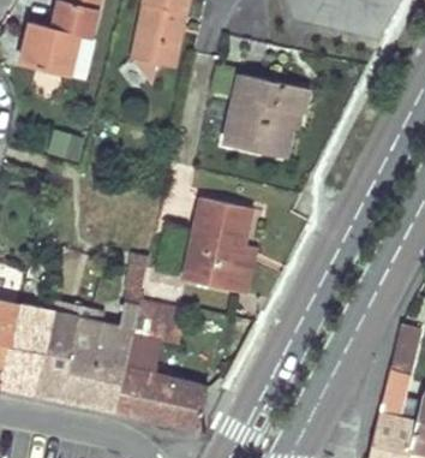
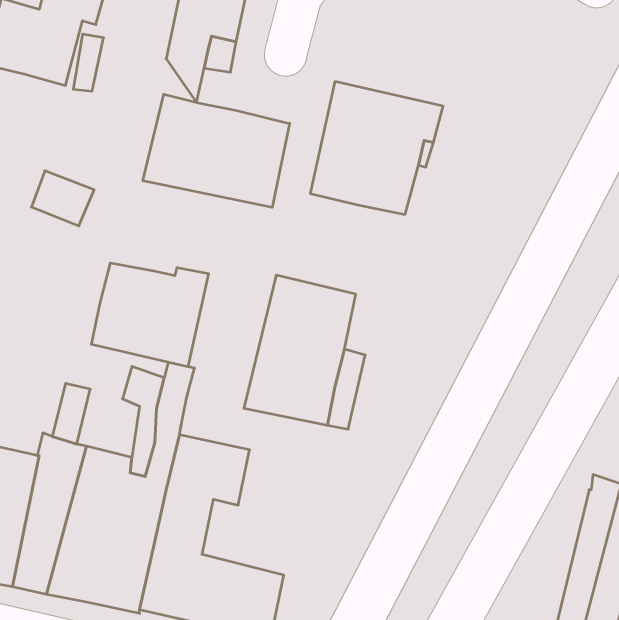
building: none -> [143,94,290,207]
building: none -> [91,263,209,367]

